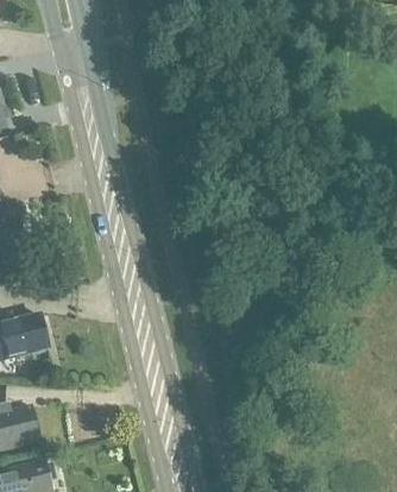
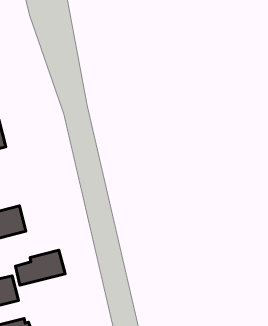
building: none -> [15,250,65,285]

